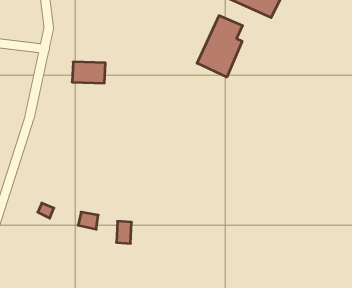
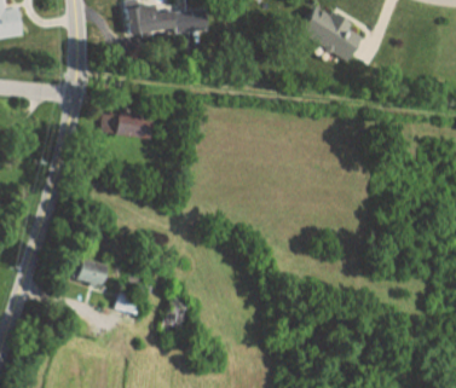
building: [197,16,243,77] -> none
building: none -> [76,257,106,283]

